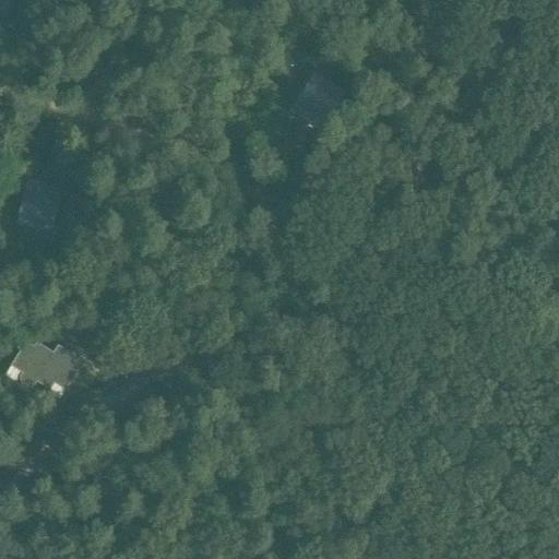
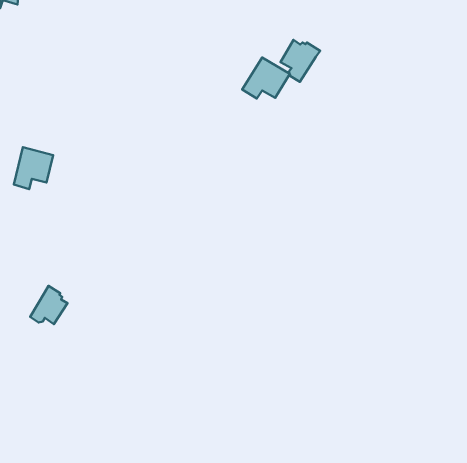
building: none -> [281,40,320,82]
building: [11,338,53,386] -> none

